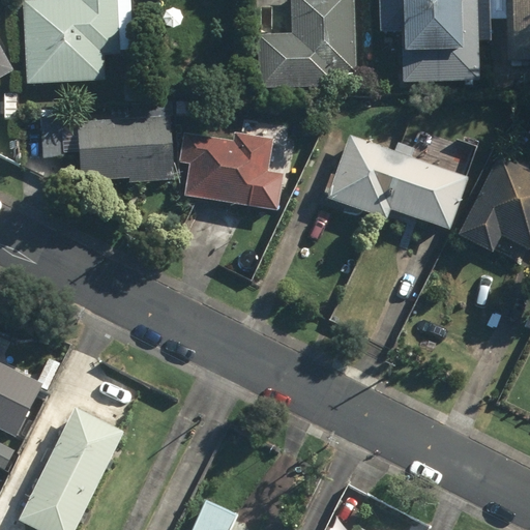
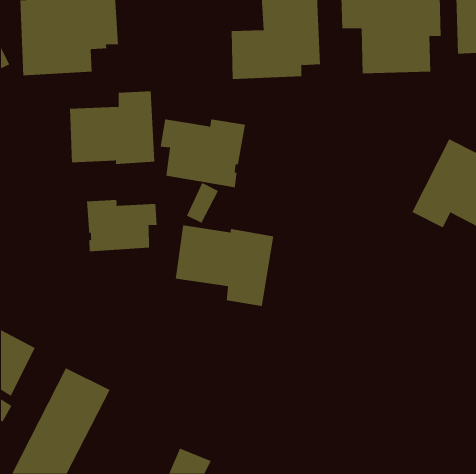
building: [327,124,478,230] -> none
building: none -> [86,199,157,252]
building: none -> [175,225,274,307]

